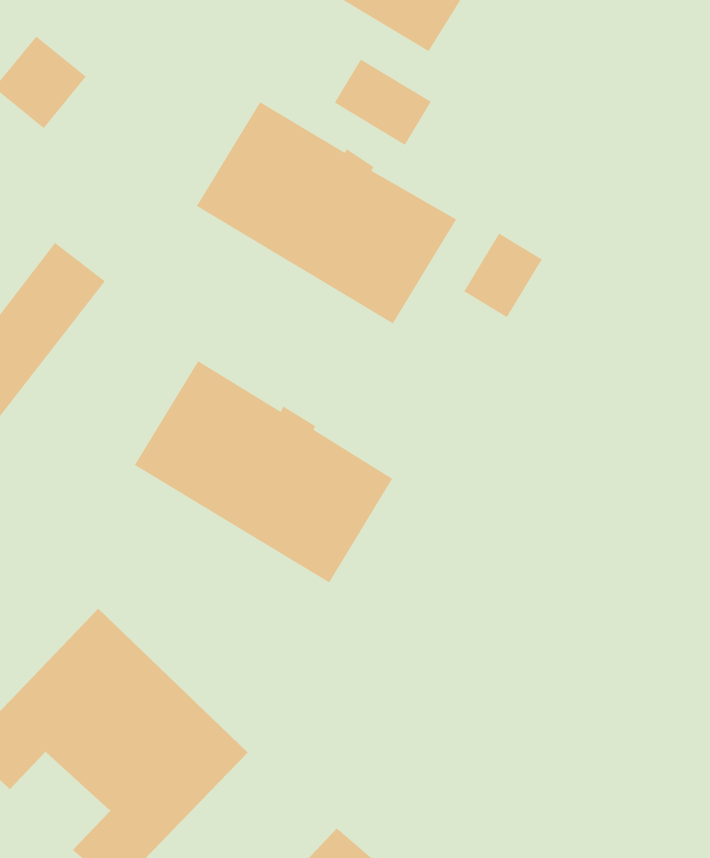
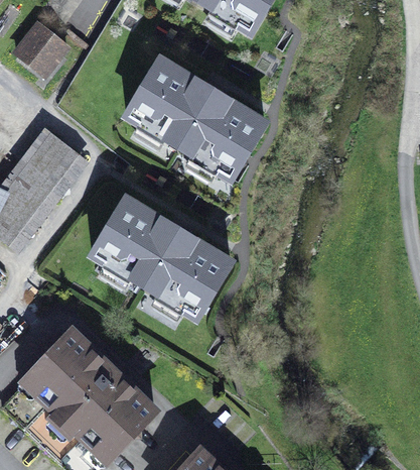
building: [334,59,432,146] -> none
building: [463,233,543,318] -> none

